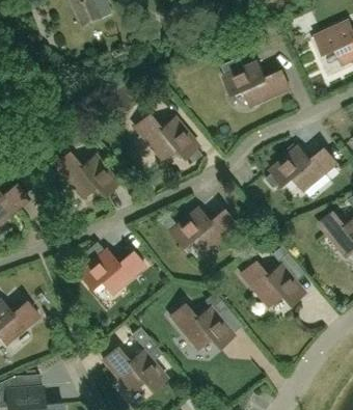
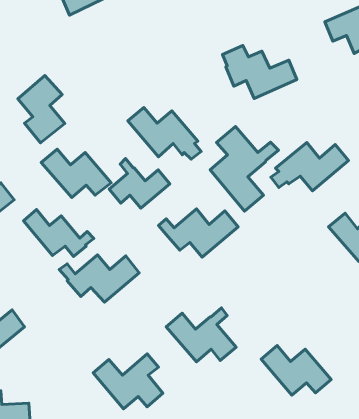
building: none -> [18,76,65,143]
building: none -> [210,126,278,211]
building: none -> [109,159,170,208]
building: none -> [24,209,94,257]
building: [240,262,304,307] -> [261,346,331,395]

